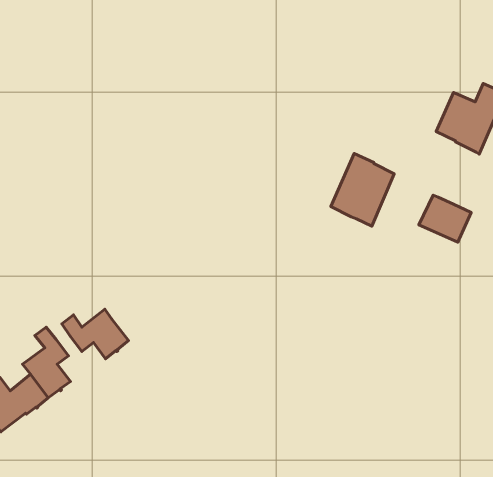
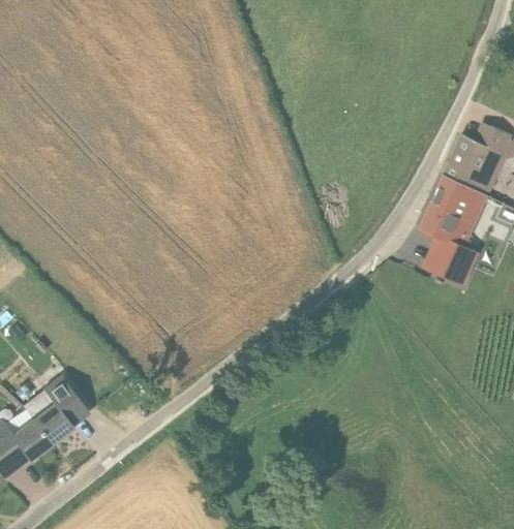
building: [331,153,394,226] -> [420,173,484,246]
building: [62,309,129,359] -> none

